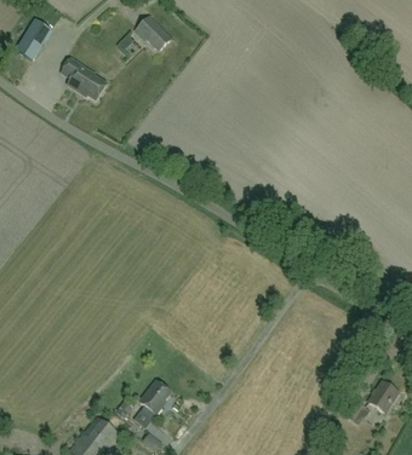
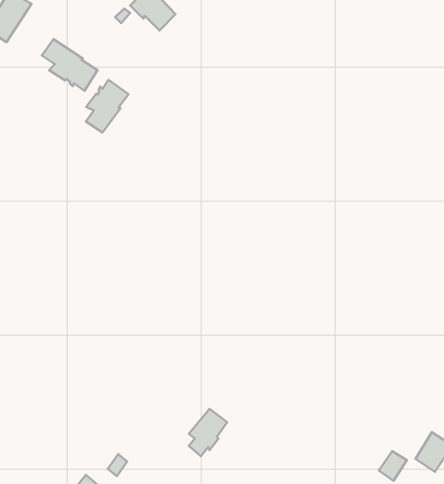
building: none -> [86,80,128,133]
building: [138,380,170,419] -> [189,409,227,456]

